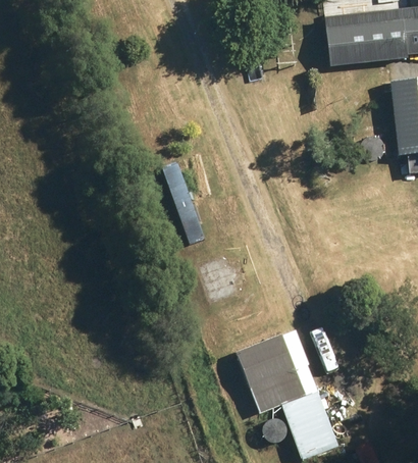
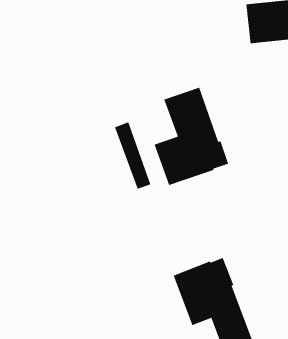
building: none -> [154,87,229,186]

